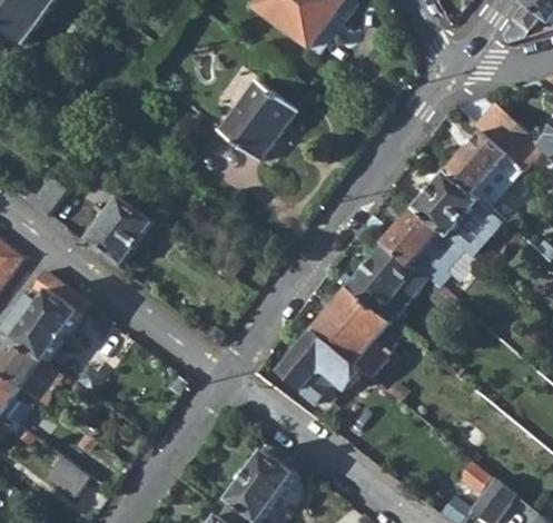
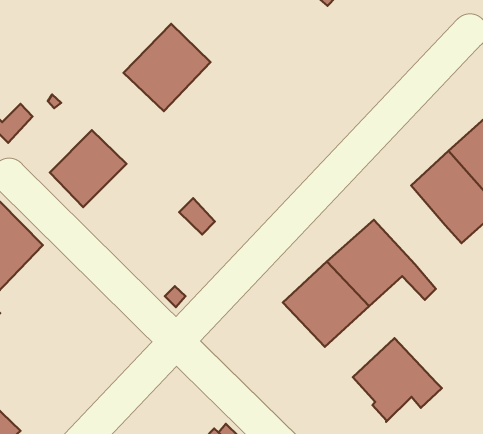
building: [218,81,296,161] -> [123,24,210,111]
building: [385,208,452,288] -> none
building: [278,329,361,406] -> [353,338,442,422]

